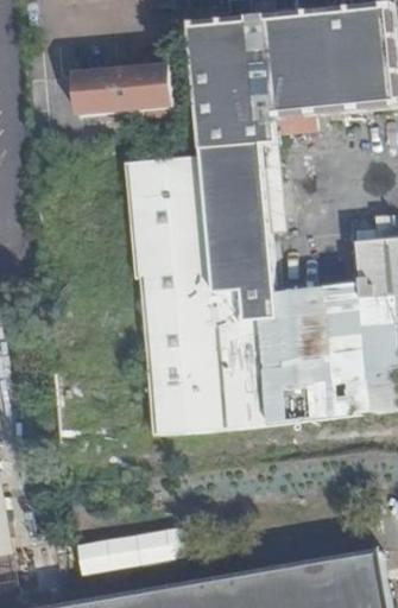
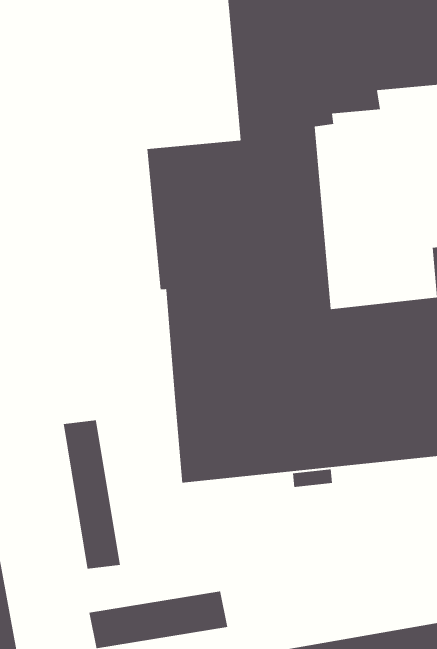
building: [71,66,172,118] -> none
building: none -> [63,419,120,569]

